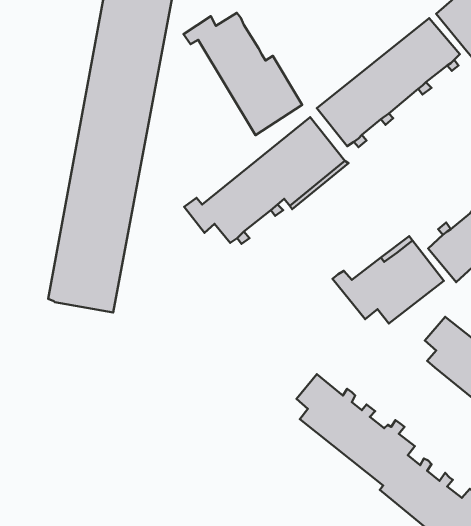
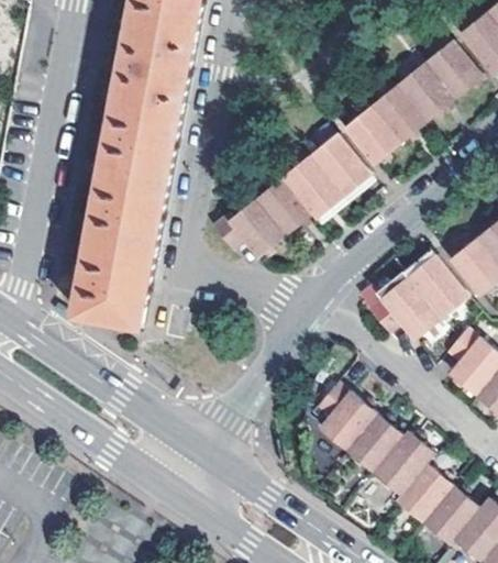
building: [184,13,302,135] -> none

